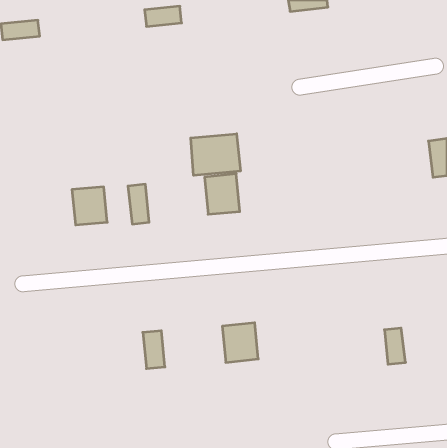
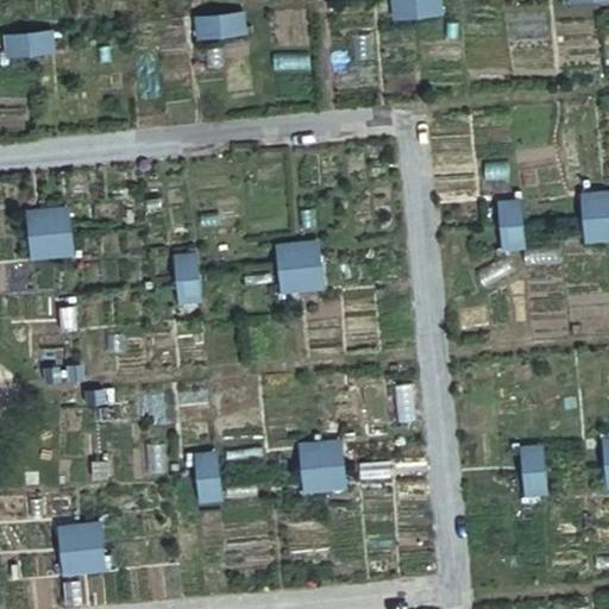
building: [191,134,240,175] -> none
building: none -> [496,200,525,250]
building: [72,187,107,225] -> [25,208,73,259]
building: none -> [56,521,106,575]

